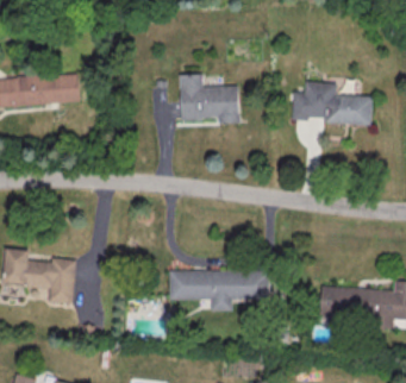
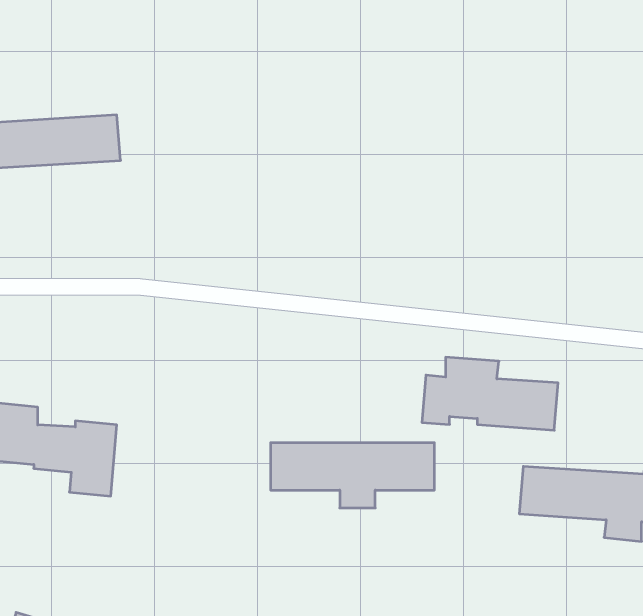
building: [179,74,241,124] -> none
building: [292,81,374,125] -> [422,357,558,430]

